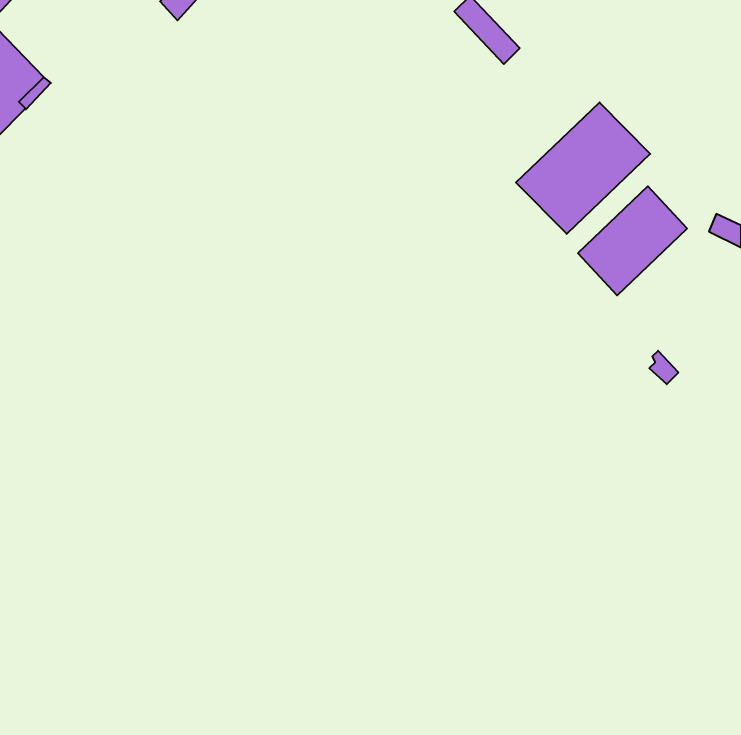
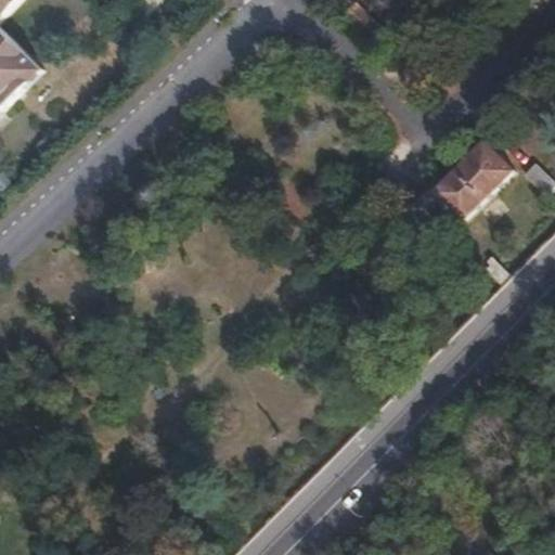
building: [516,102,650,234] -> none

